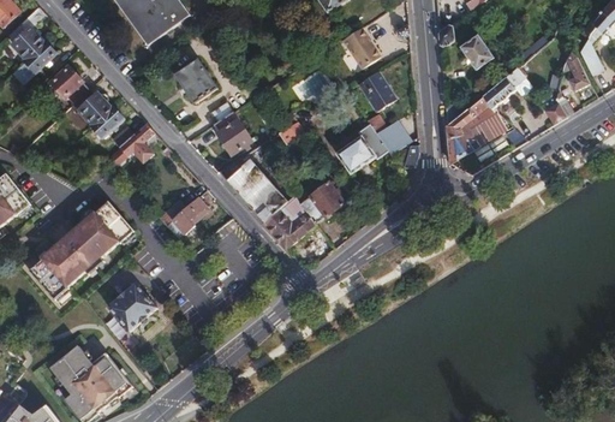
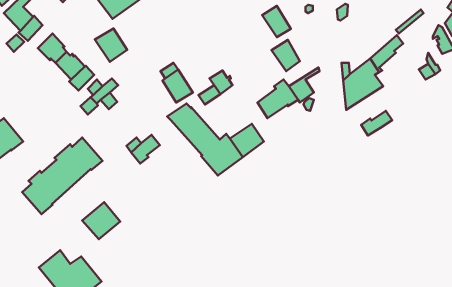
building: [461,36,494,70] -> none
building: [174,60,216,103] -> [95,29,127,62]
building: none -> [361,111,392,135]

